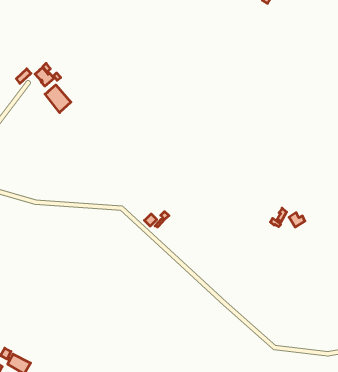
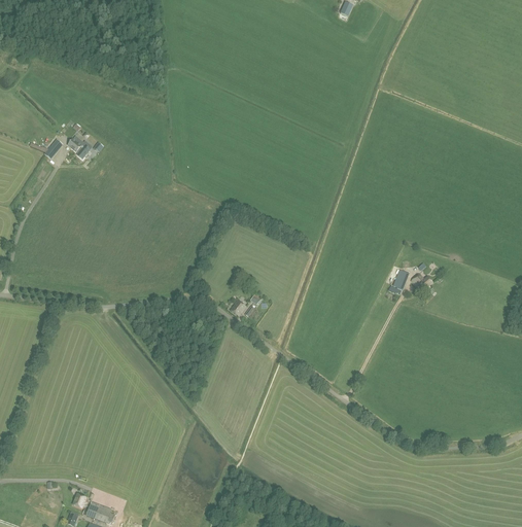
building: [45,85,71,113] -> none

